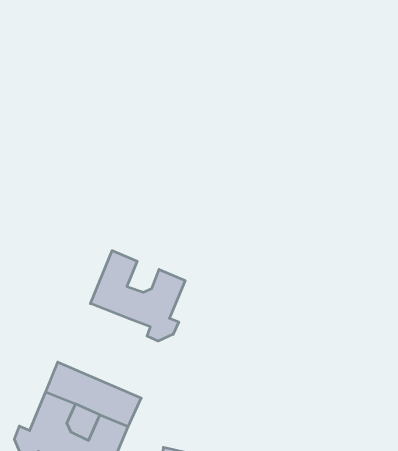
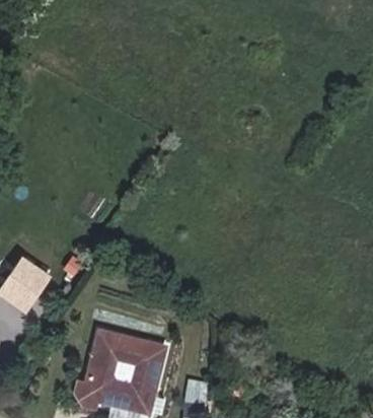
building: [90,251,185,341] -> none

